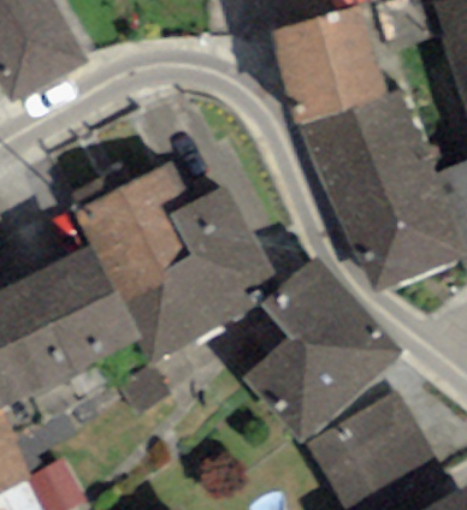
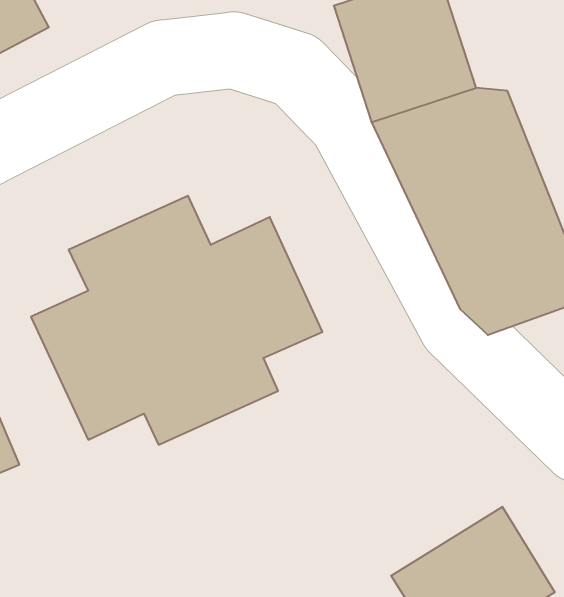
building: [249,274,392,432] -> none

